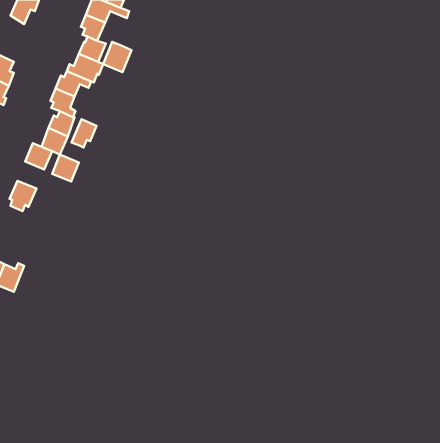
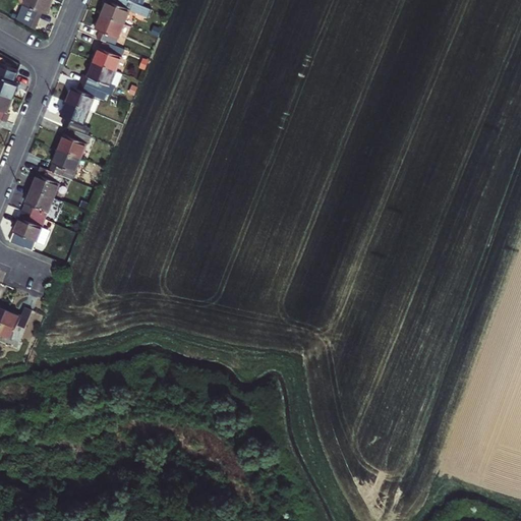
building: [103,42,131,72] -> none
building: [72,119,97,148] -> none
building: [52,155,79,182] -> [20,189,52,221]

